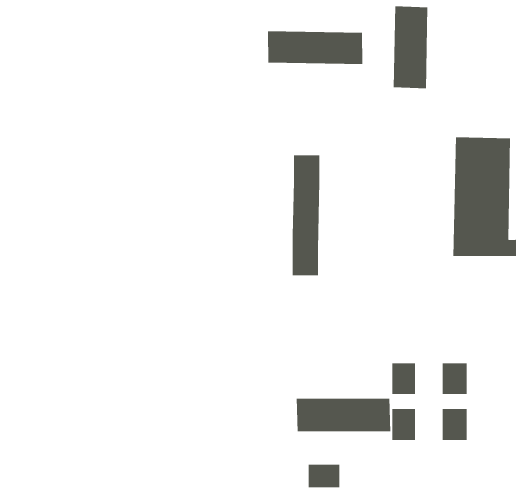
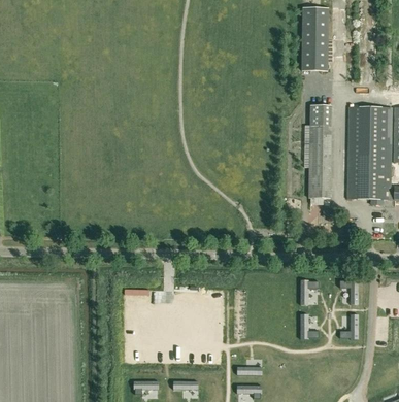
building: [267,31,363,65] -> none
building: [292,154,320,276] -> [308,104,330,197]
building: [296,398,391,432] -> none

